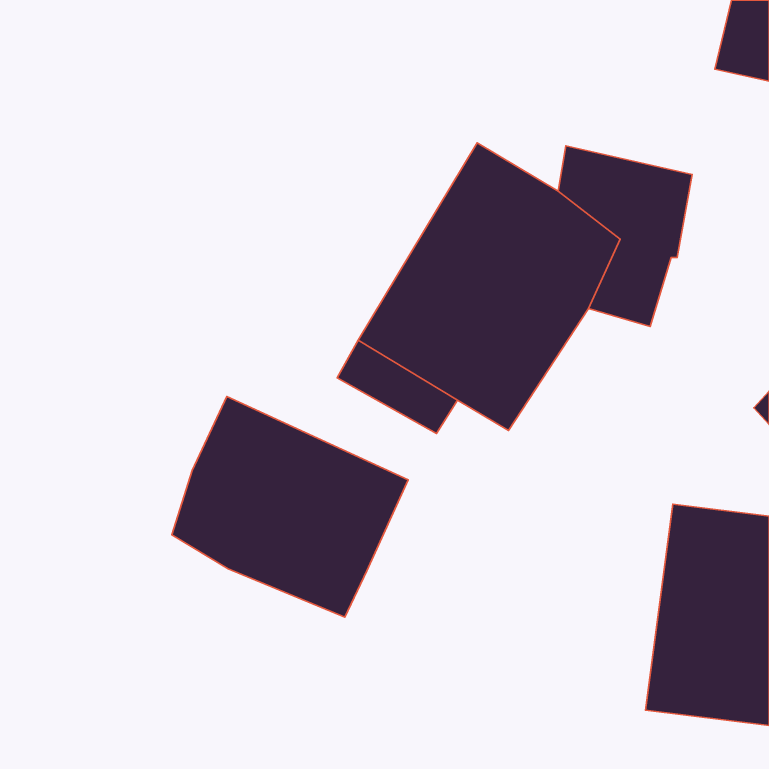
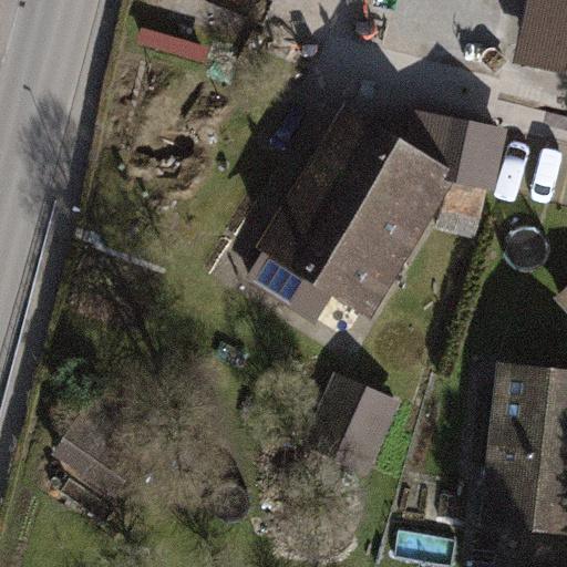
building: [172,397,408,617] -> none
building: none -> [302,372,405,482]

